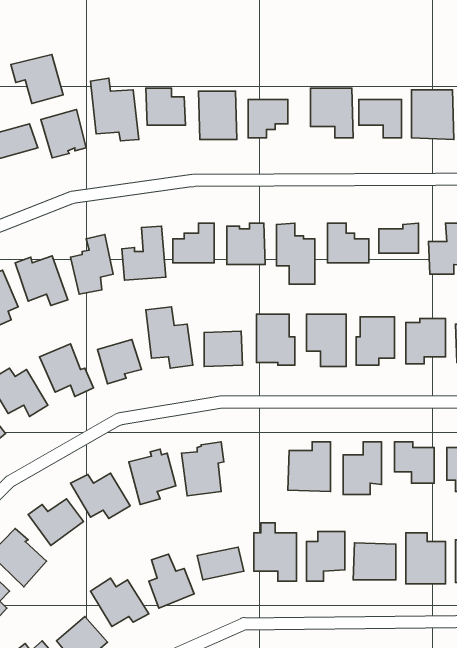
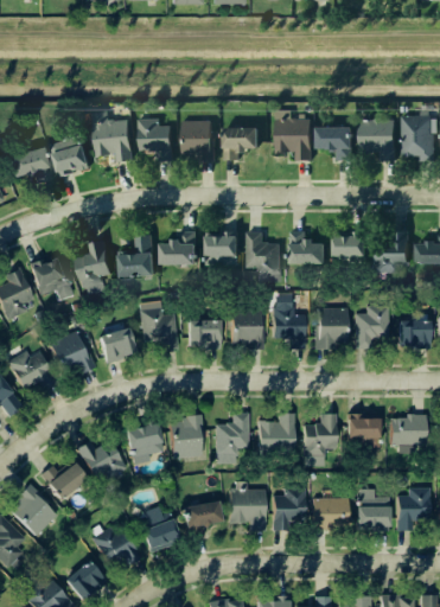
building: [11,55,63,103] -> none
building: none -> [215,411,248,454]

